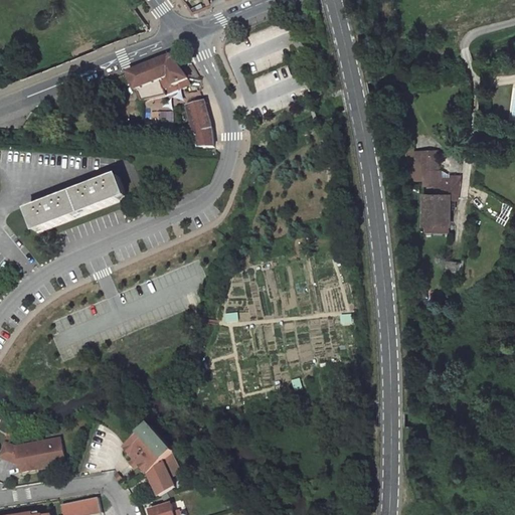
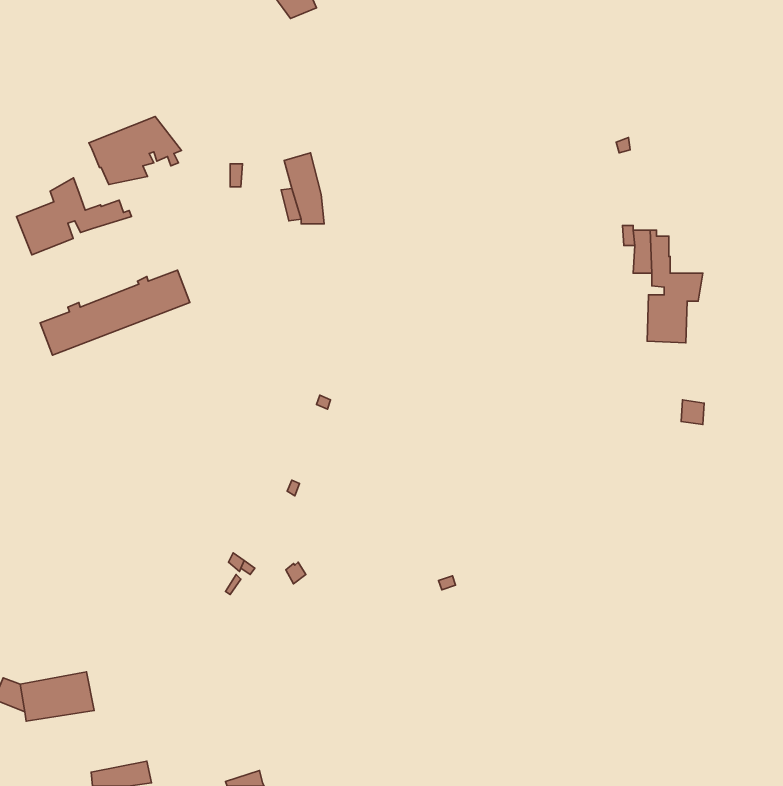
building: [126,55,186,100] -> [89,116,182,184]
building: none -> [17,178,131,255]
building: [124,423,173,494] -> none

